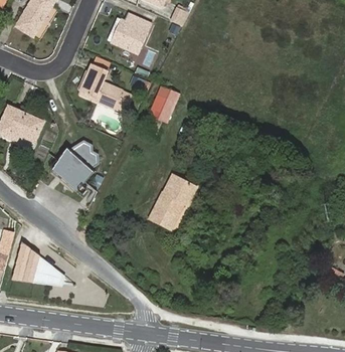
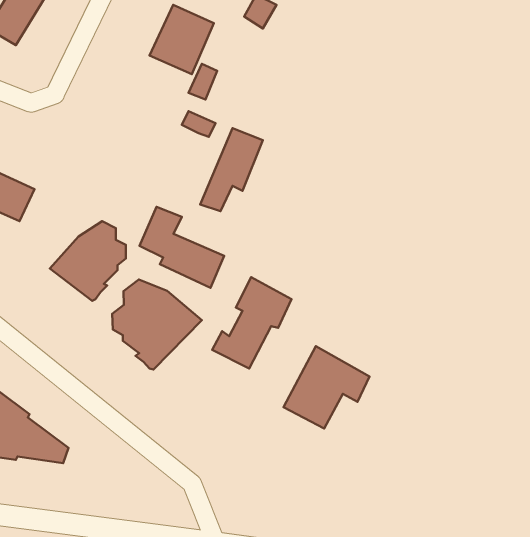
building: [80,65,131,114] -> [140,207,224,288]
building: none -> [112,280,202,369]
building: none -> [283,346,370,428]

